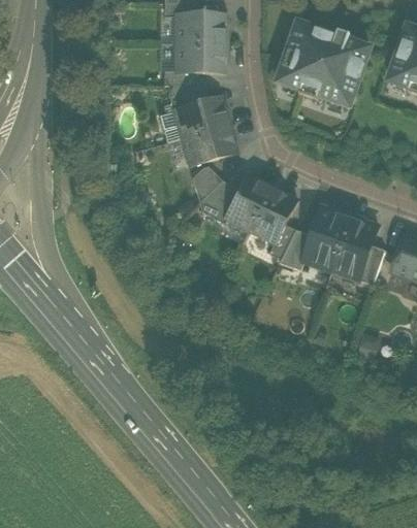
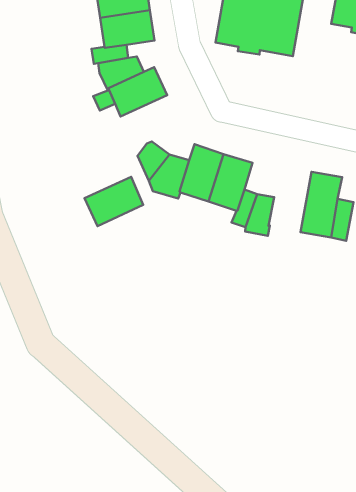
building: [180,124,233,165] -> [84,177,143,226]
building: [302,205,350,270] -> none

